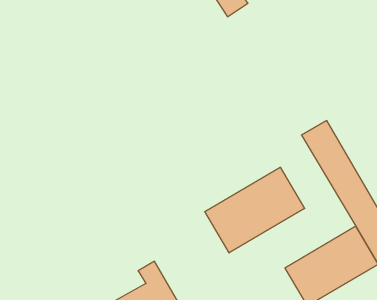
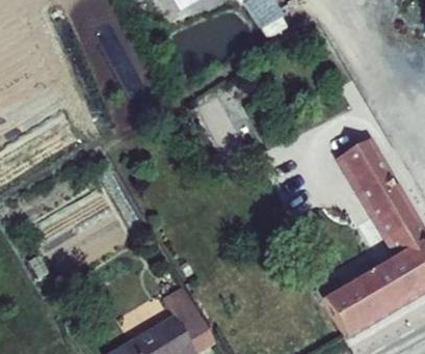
building: [205,167,305,253] -> none

